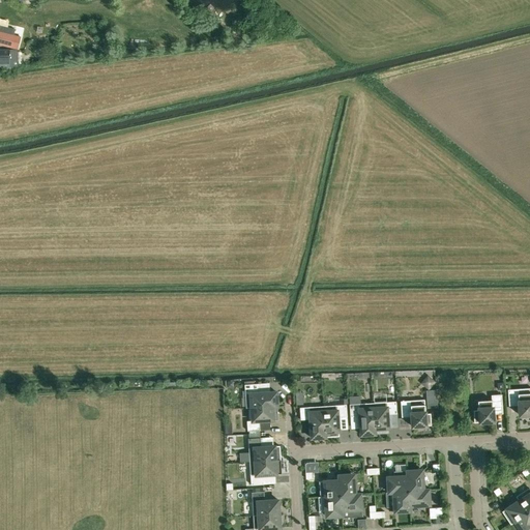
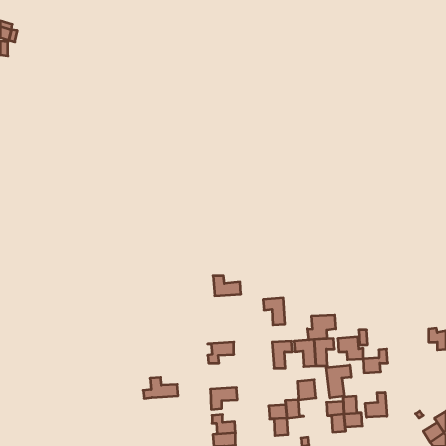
building: none -> [307,315,336,340]
building: [244,384,277,408] -> [213,276,241,296]
building: [473,394,502,422] -> [363,349,388,373]
building: [299,406,325,438] -> [263,298,285,325]
building: none -> [326,365,351,398]
building: [239,438,281,463] -> [143,377,178,398]
building: none -> [365,392,387,417]
building: [341,494,362,518] -> [298,380,316,400]

